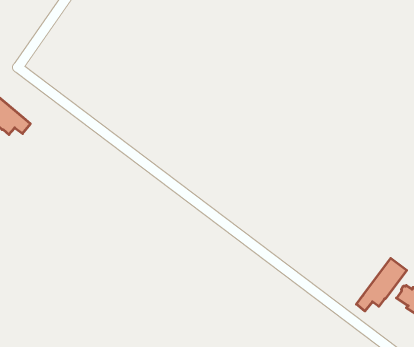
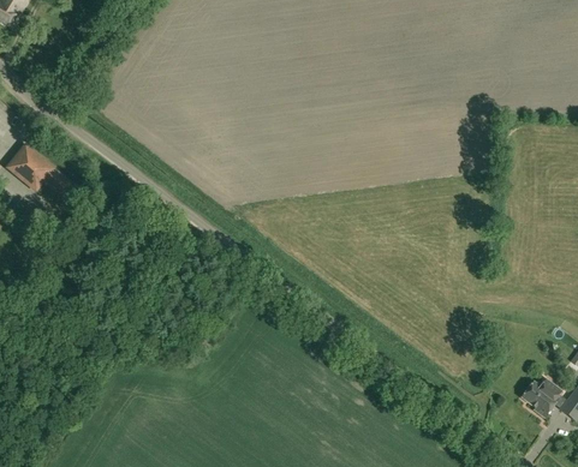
building: [356,258,407,311] -> none

